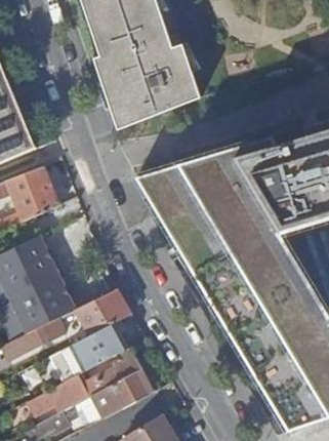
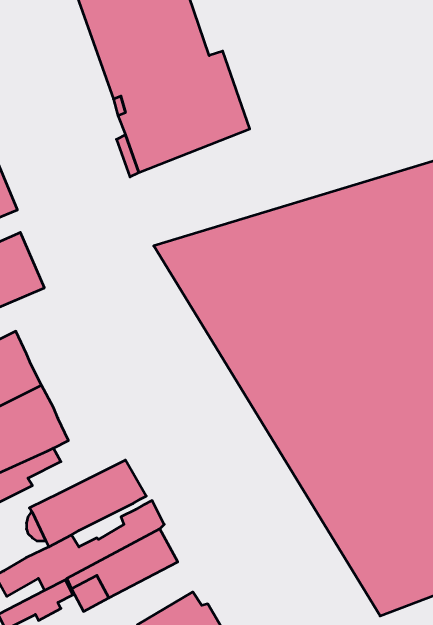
building: [75,289,130,335] -> none

